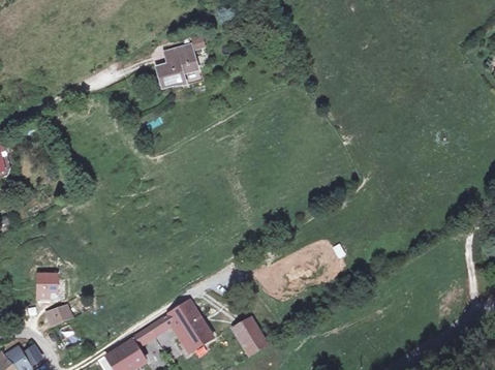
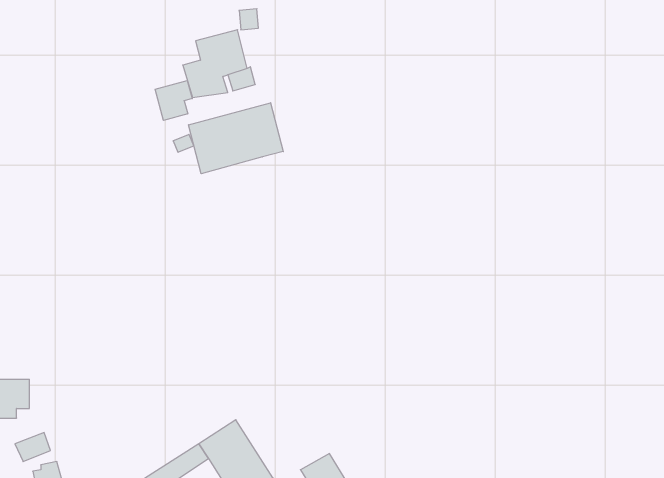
building: none -> [155,81,192,120]
building: none -> [189,103,283,174]

